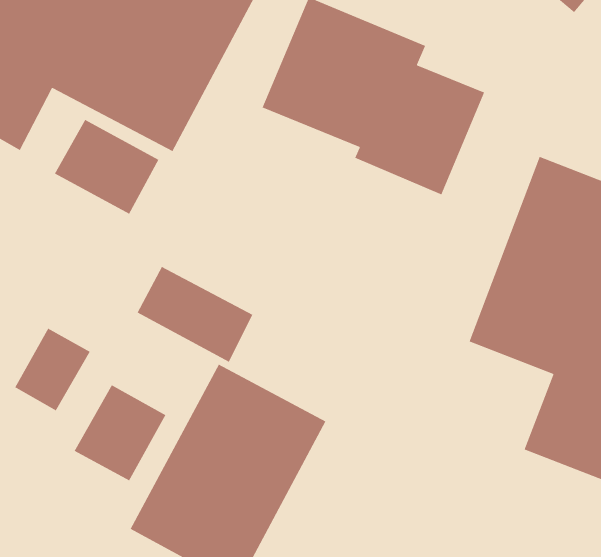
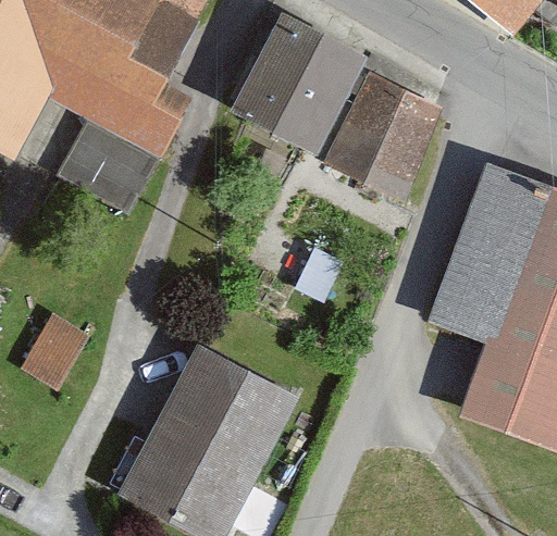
building: [136,266,253,363] -> none
building: [74,384,167,481] -> none

